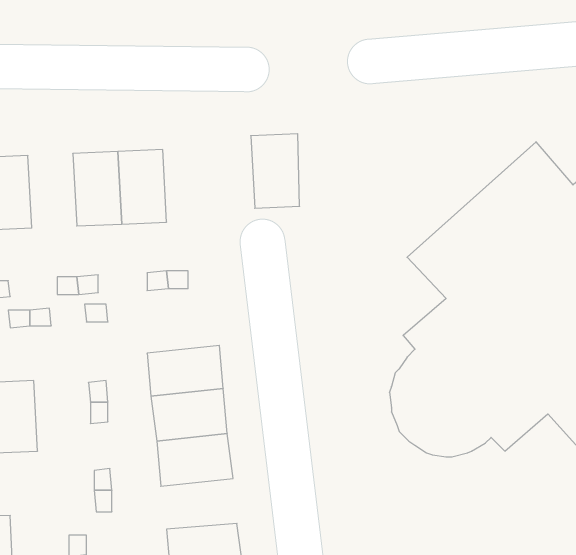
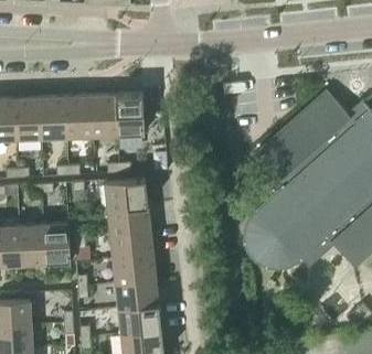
building: [251,134,300,208] -> [116,93,144,135]
building: none -> [40,96,67,138]
building: none -> [104,178,148,208]
building: none -> [43,223,70,264]
building: none -> [115,279,158,308]

